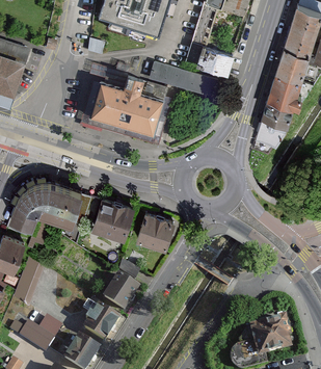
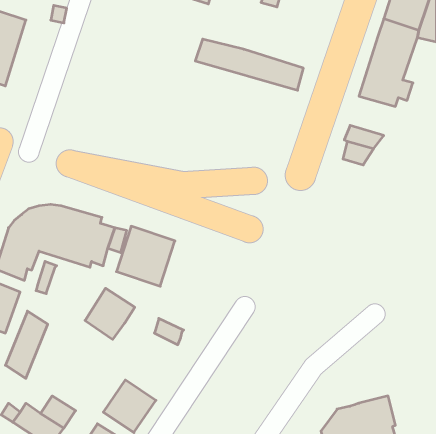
building: [197,44,236,74] -> none
building: [88,76,166,136] -> none
building: [258,103,290,131] -> none
building: [135,212,173,247] -> none
building: [103,274,138,311] -> [85,288,135,339]

